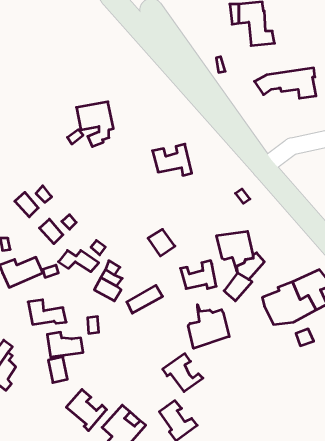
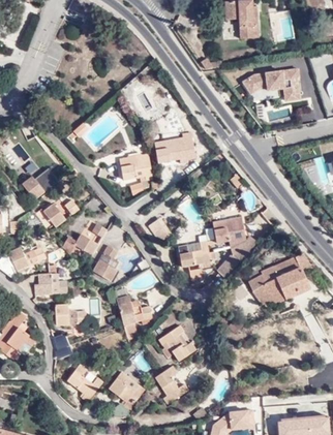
building: [76,102,113,147] -> [117,155,151,196]
building: [188,305,229,348] -> none
building: none -> [116,299,151,323]

